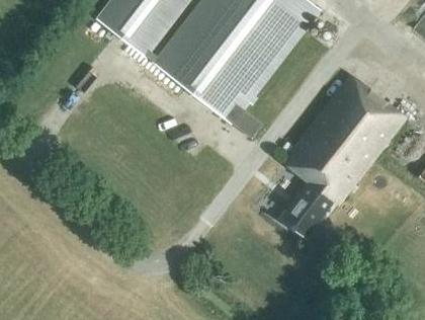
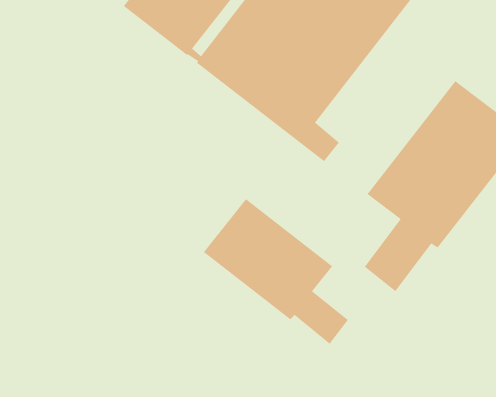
building: none -> [203,198,349,345]

